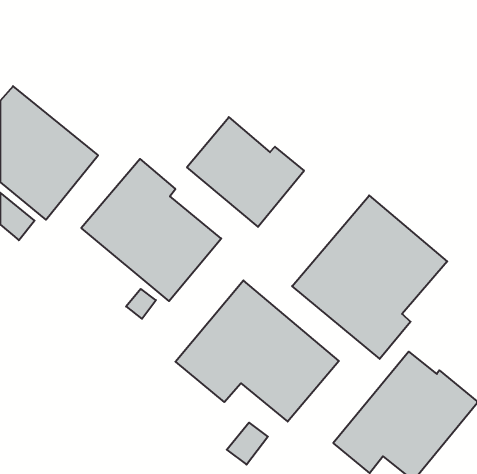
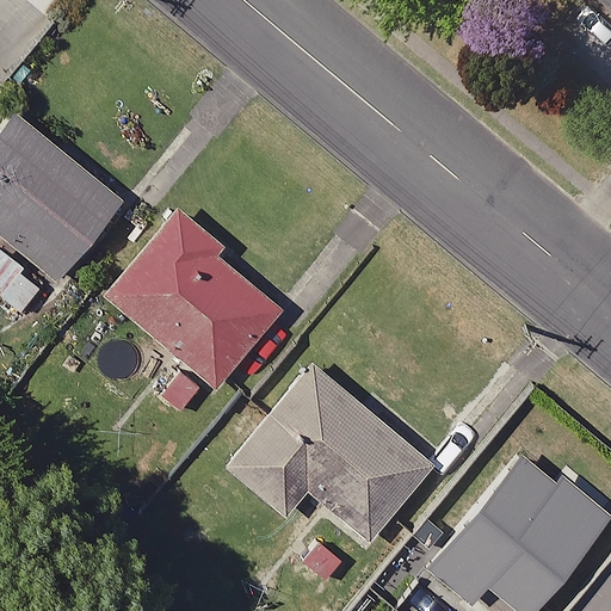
building: [187,117,304,227] -> none
building: [292,195,447,359] -> none

